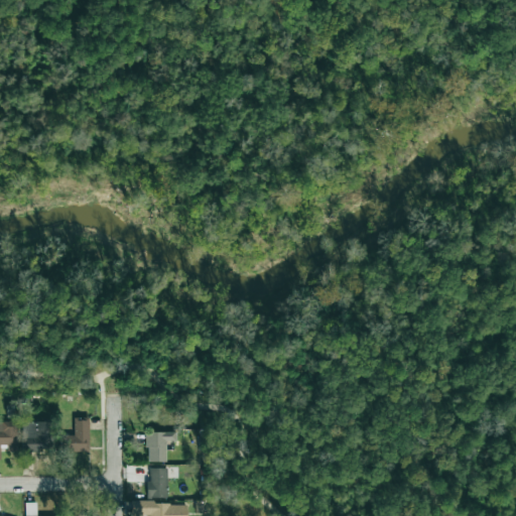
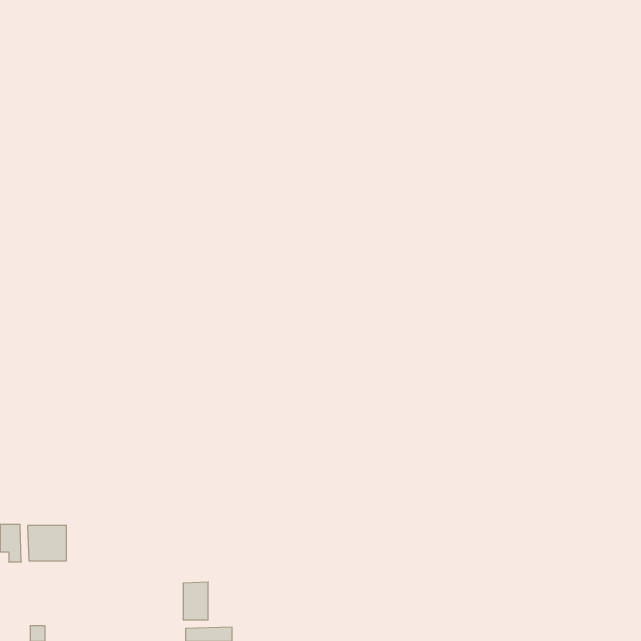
building: [68,417,89,452] -> none
building: [146,431,176,463] -> none

